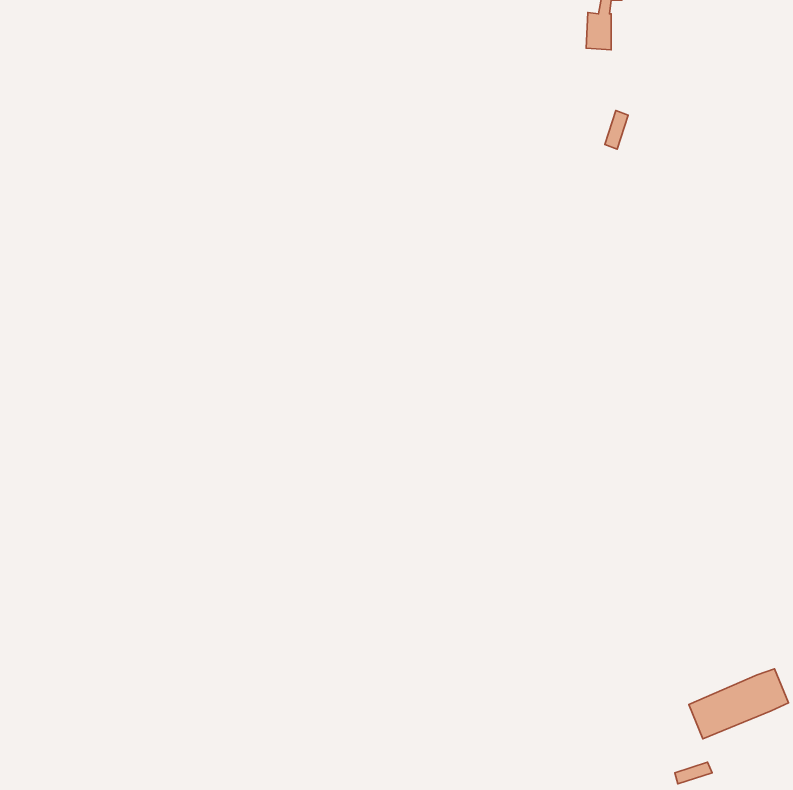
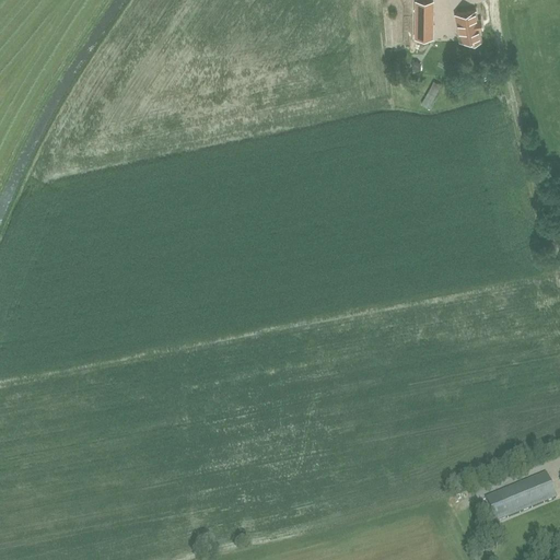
building: none -> [455,8,480,40]

